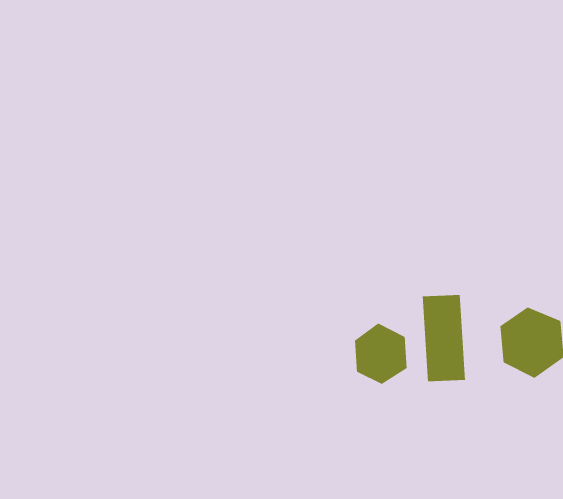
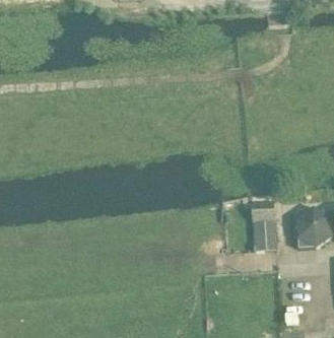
building: [354,322,408,385] -> none

